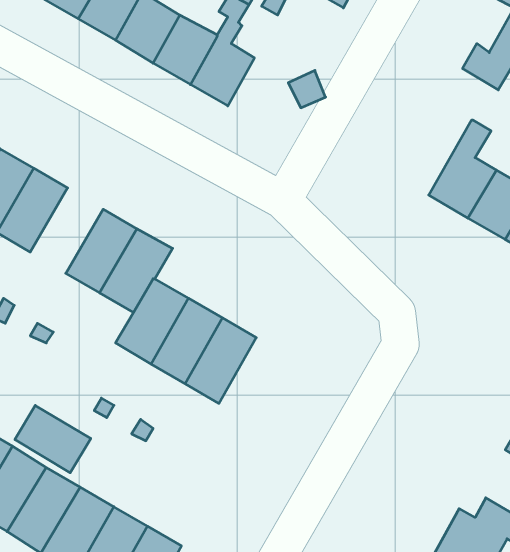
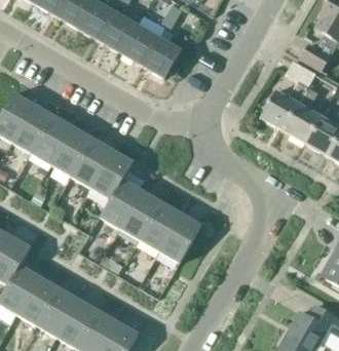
building: none -> [259,71,314,130]
building: none -> [50,126,92,176]
building: none -> [159,212,200,262]
building: [15,405,91,473] -> none

